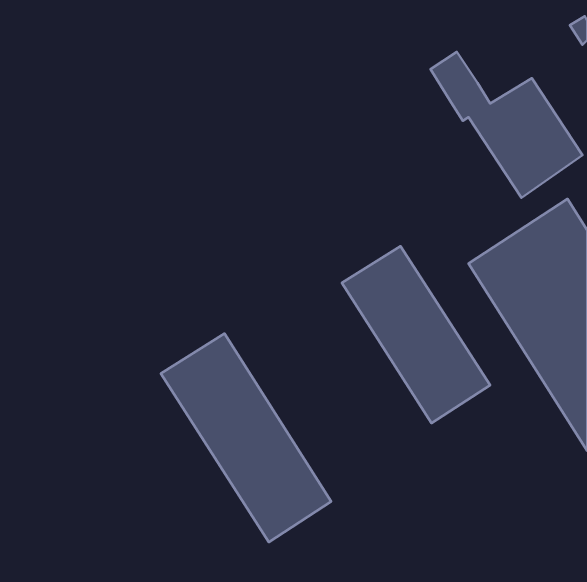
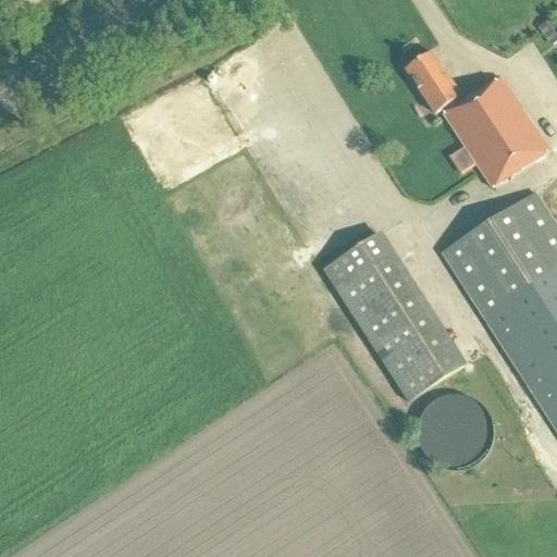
building: [161,333,331,542] -> none
building: none -> [417,394,493,470]

